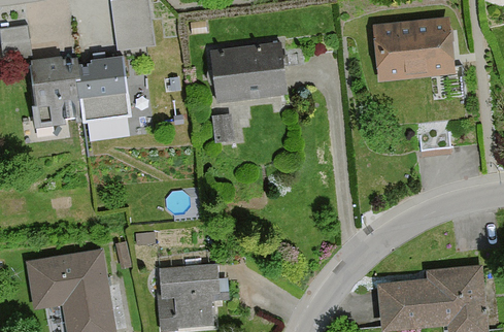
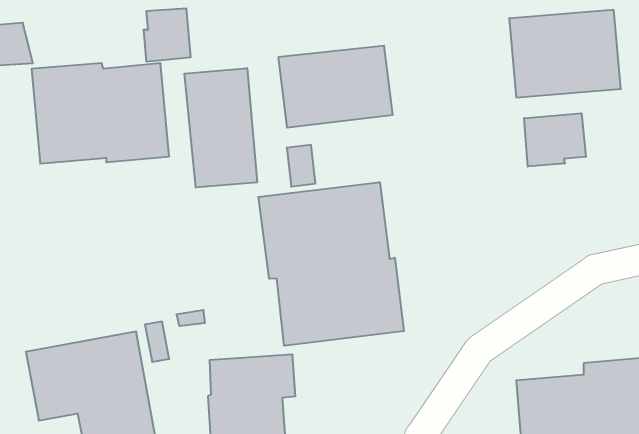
building: none -> [185,68,257,188]
building: none -> [524,113,586,167]
building: none -> [258,182,404,346]

